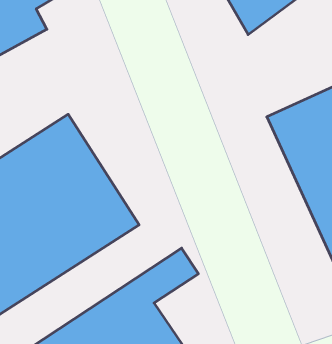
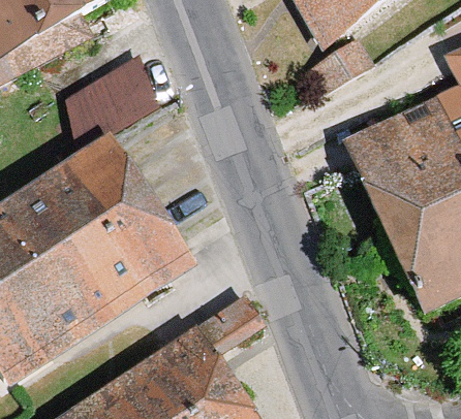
building: none -> [55,59,160,148]

